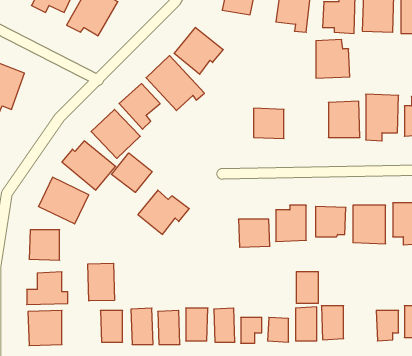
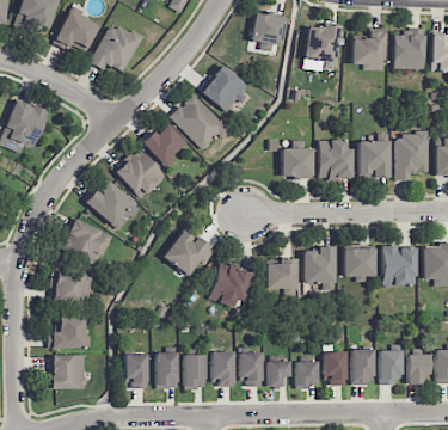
building: [316,40,350,78] -> [318,139,352,178]
building: [111,153,152,192] -> none
building: none -> [209,262,252,307]
building: [88,263,114,301] -> none
building: [296,272,318,303] -> [379,350,401,382]

